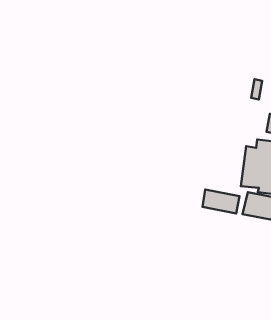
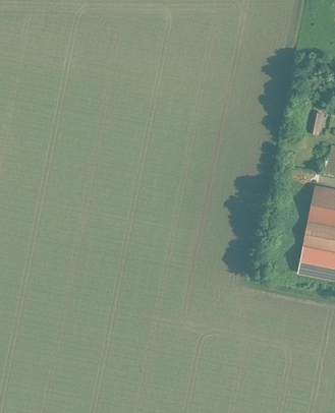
building: [202,190,240,213] -> none

